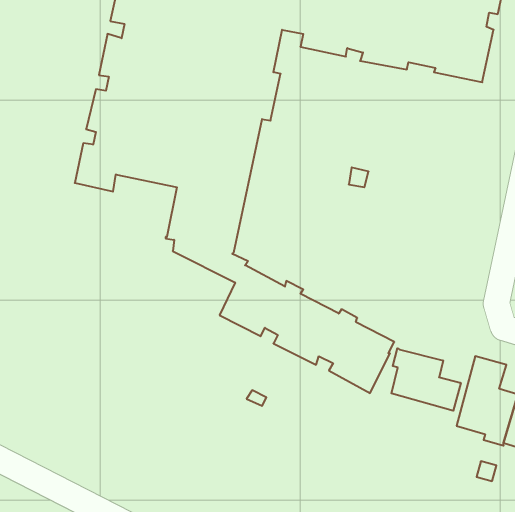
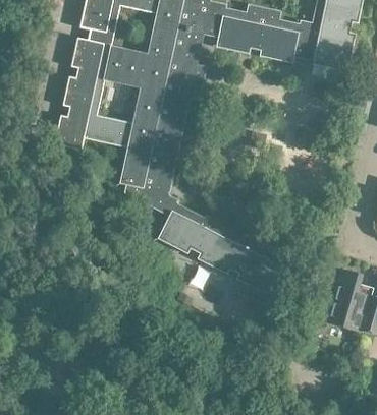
building: [391,348,461,411] -> none

